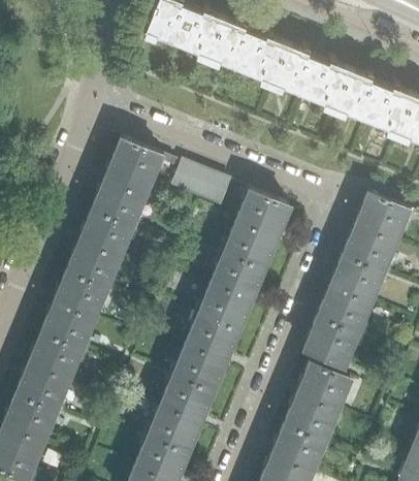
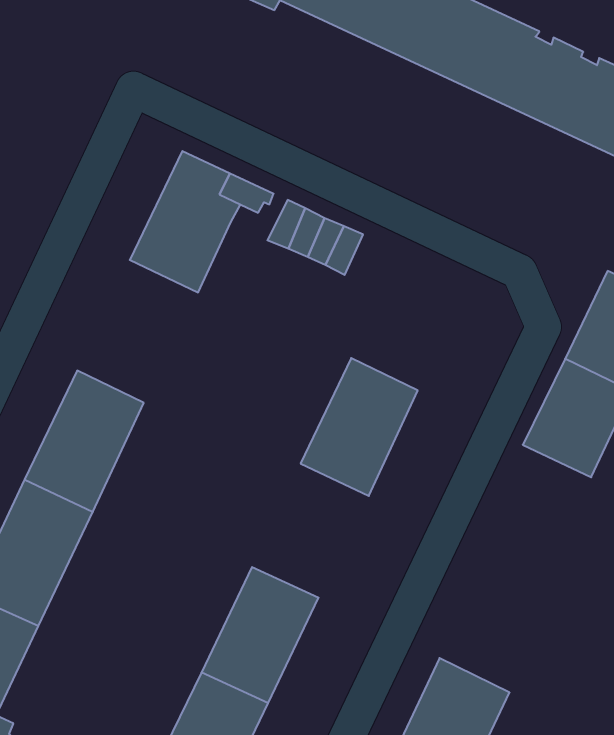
building: [225,190,290,268] -> none
building: [68,202,135,284] -> none
building: [304,296,366,367] -> none
building: [174,314,239,390] -> none
building: [285,362,351,439] -> none

